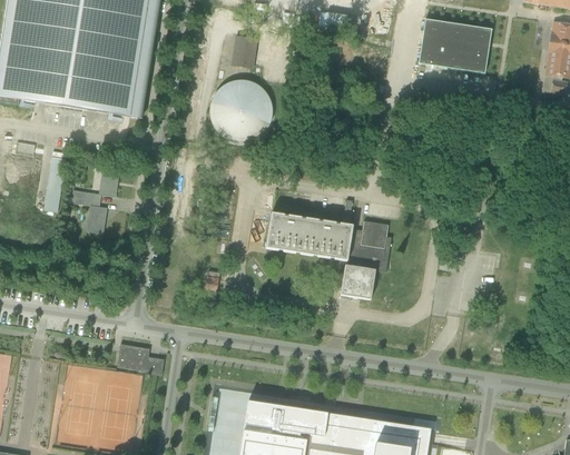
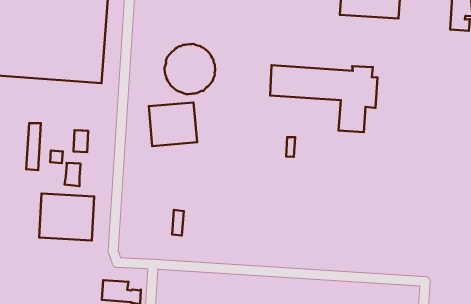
building: [230,36,253,68] -> none
building: none -> [149,102,197,146]
building: [266,212,391,298] -> [270,65,378,132]
building: none -> [39,193,94,241]

